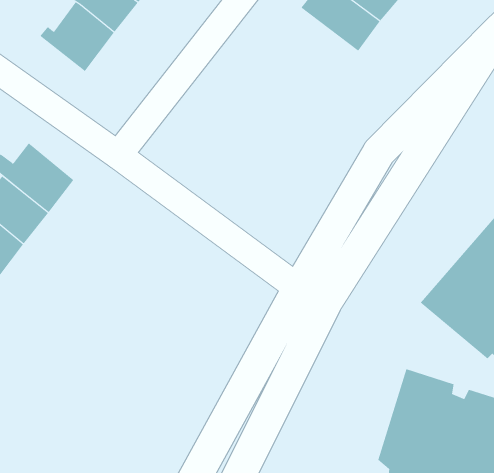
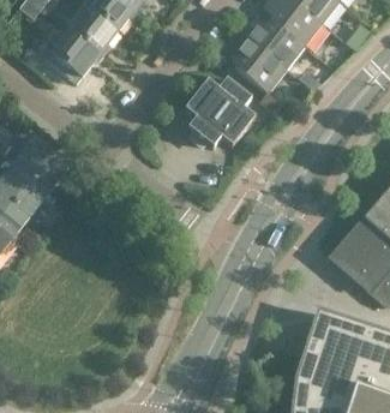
building: none -> [227,35,286,92]
building: none -> [184,78,254,148]

